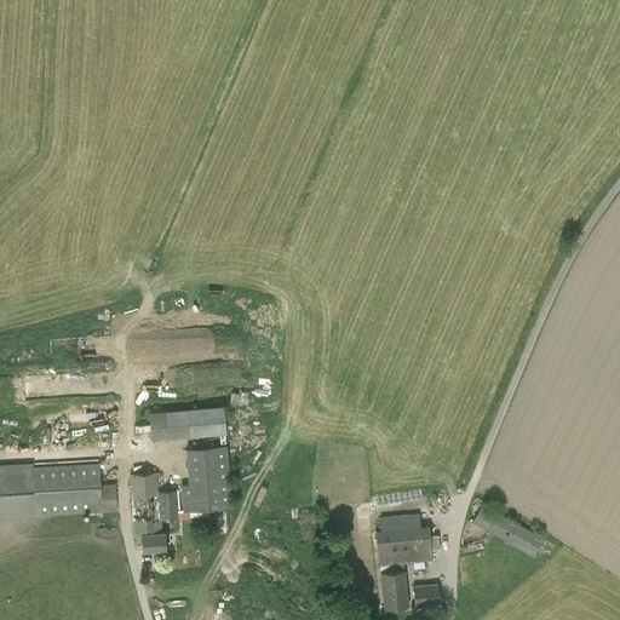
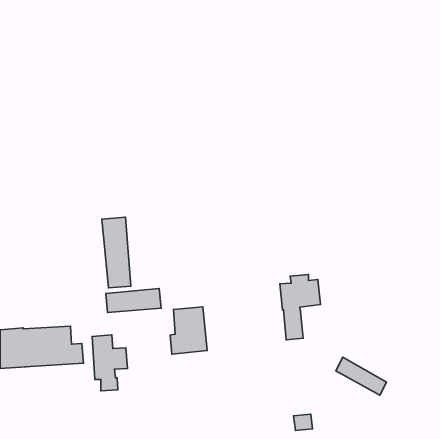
building: none -> [102,217,131,288]
building: [180,446,232,512] -> [170,307,207,354]
building: [375,518,432,610] -> [280,274,320,340]

